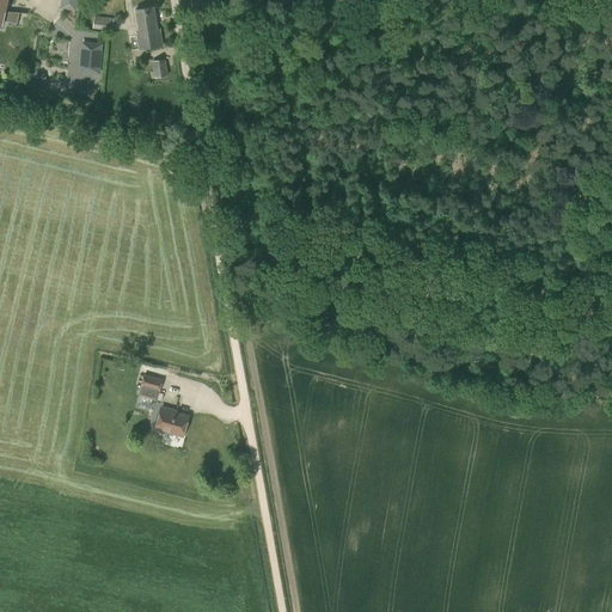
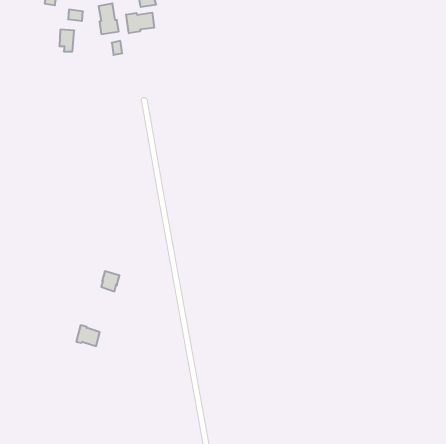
building: none -> [126,13,154,33]
building: [155,405,188,434] -> [76,325,100,346]

